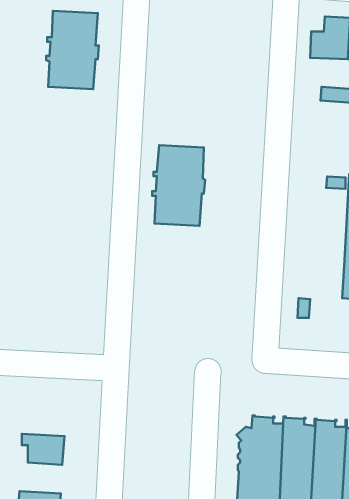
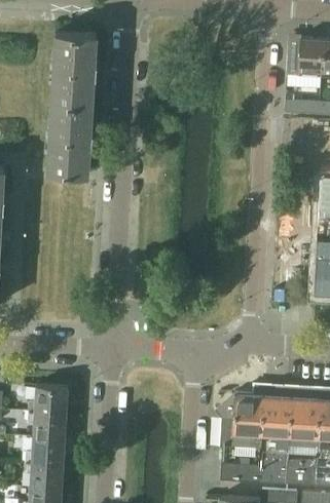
building: [152,145,205,226] -> [46,101,94,172]
building: none -> [29,386,68,413]
building: none -> [27,436,65,464]

